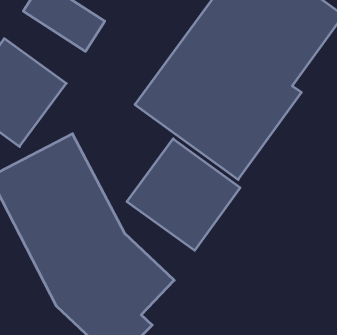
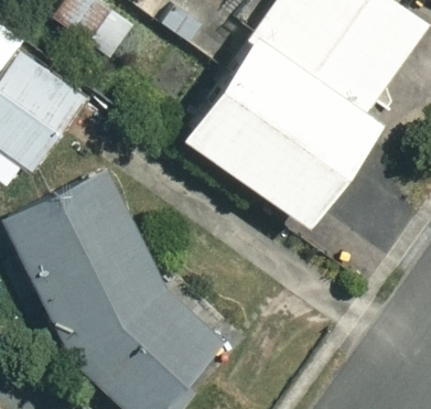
building: [127,139,240,250] -> none

